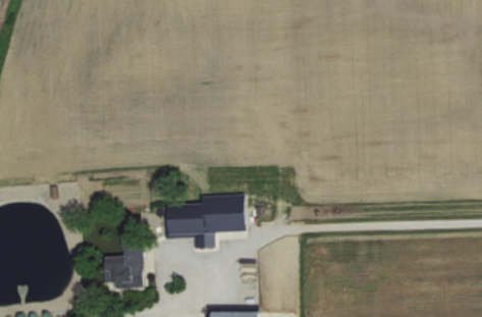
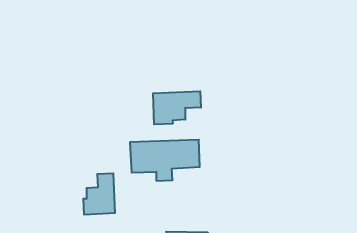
building: none -> [153,91,201,124]

